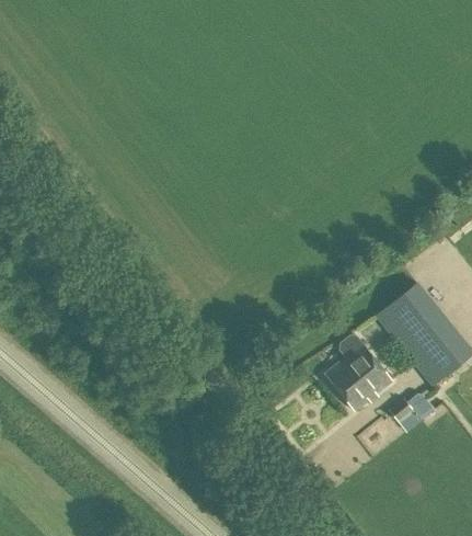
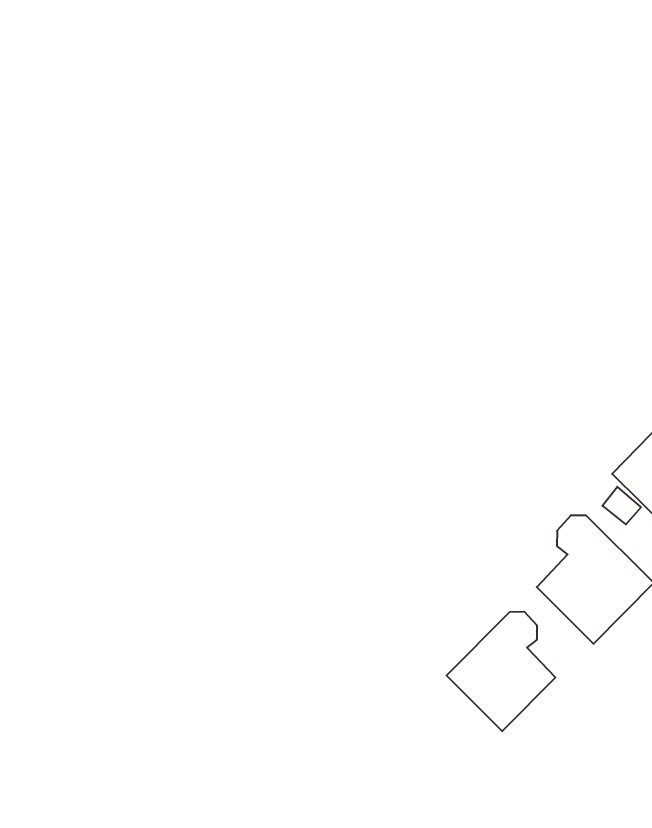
building: none -> [447,612,555,731]

